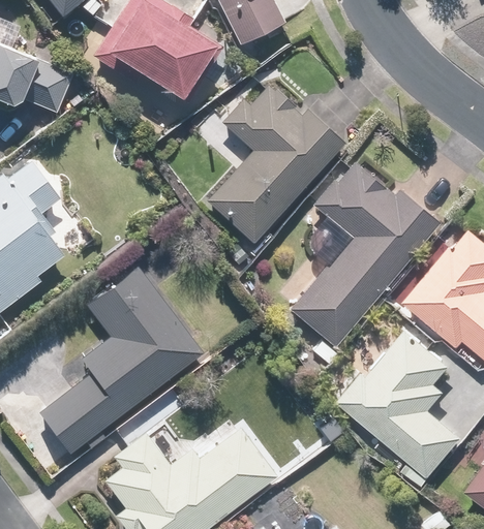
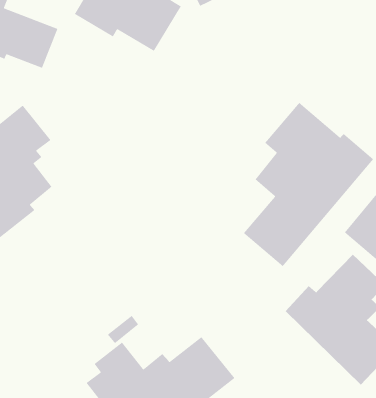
building: [208,86,345,240] -> none
building: [36,267,204,457] -> none

